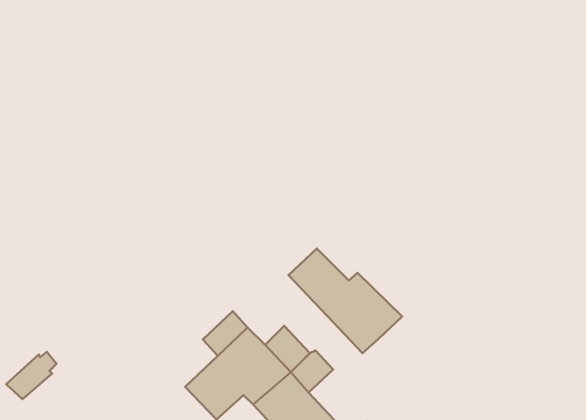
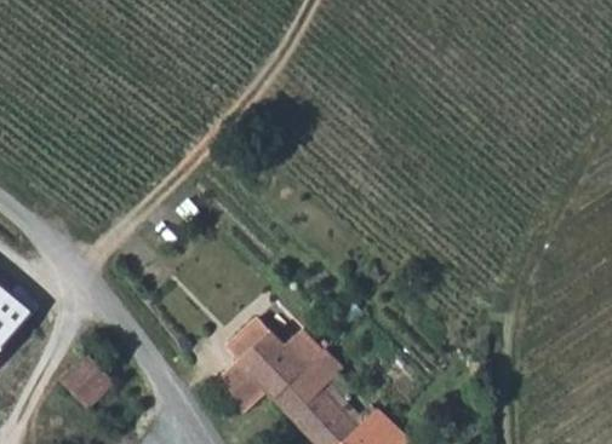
building: [289,248,402,353] -> none

